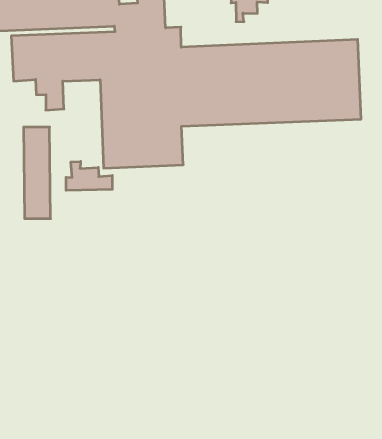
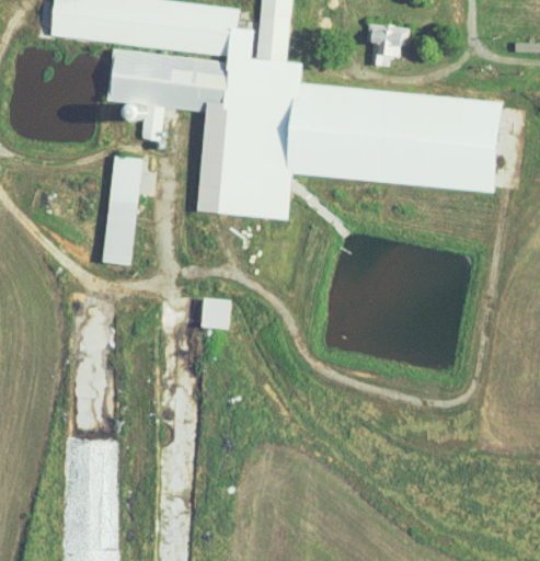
building: [66,161,112,190] -> none
building: none -> [203,296,229,327]

